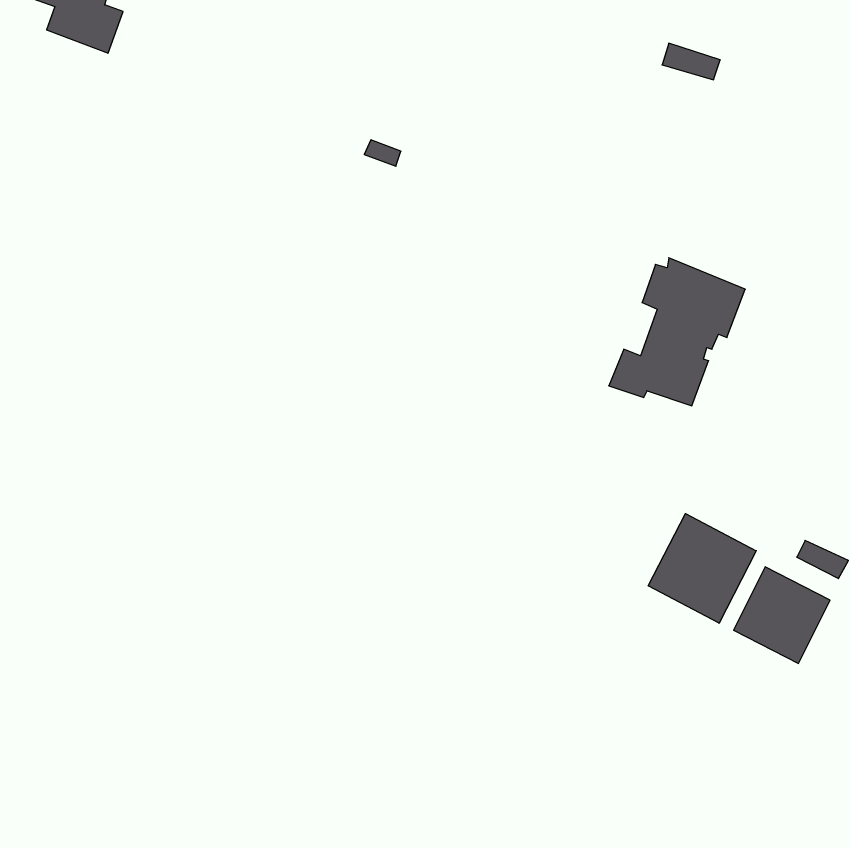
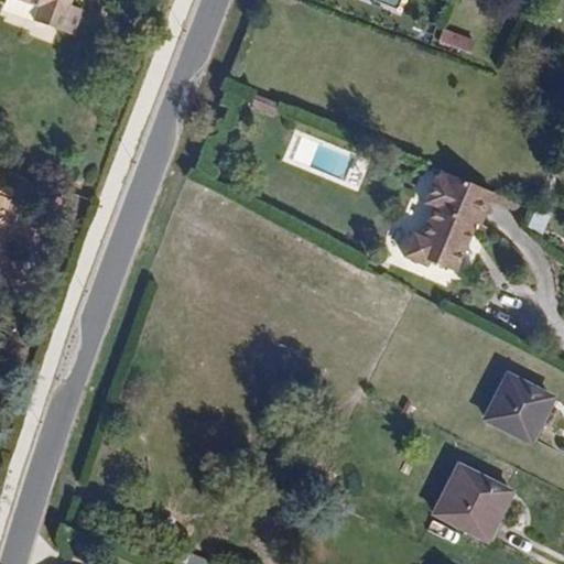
building: [648,514,756,623] -> none
building: none -> [436,468,506,536]

